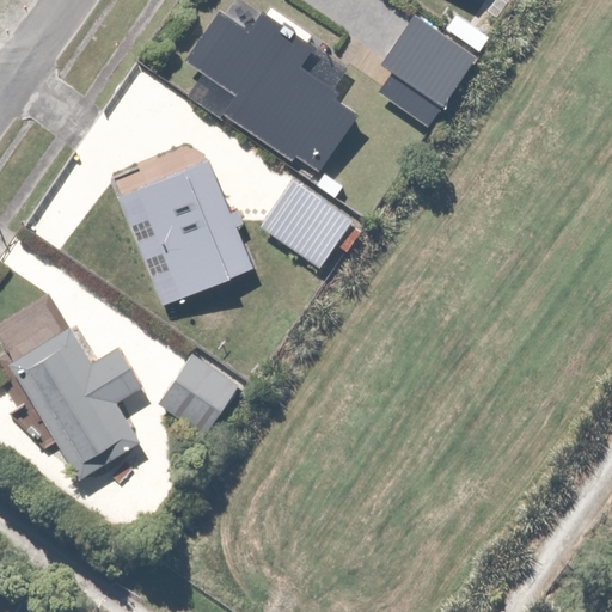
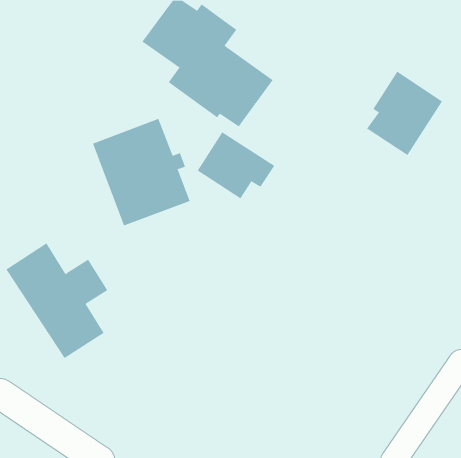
building: [373,14,475,127] -> [366,71,443,156]
building: [158,354,239,436] -> none

